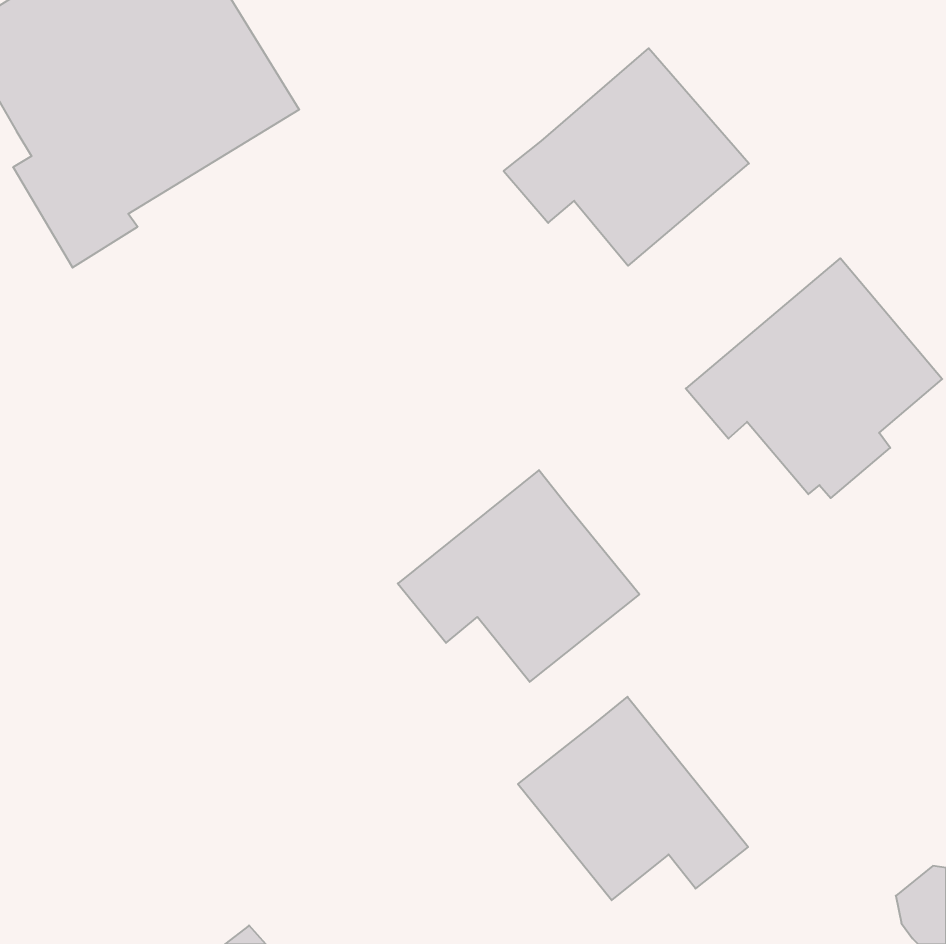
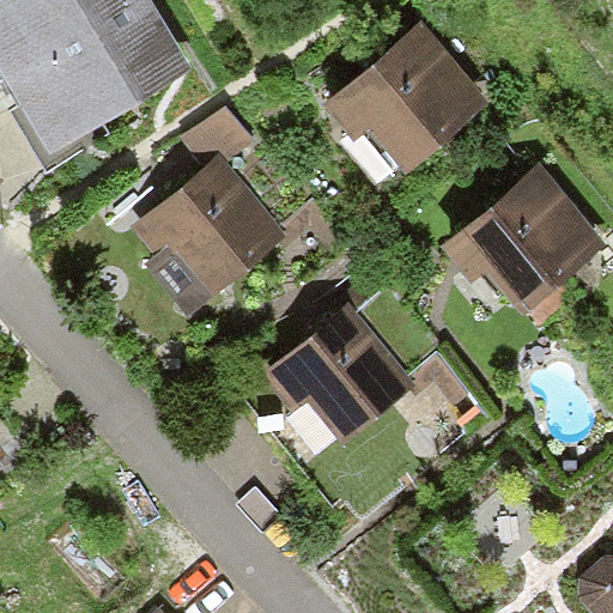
building: none -> [132,103,286,311]
building: [518,697,748,900] -> none

